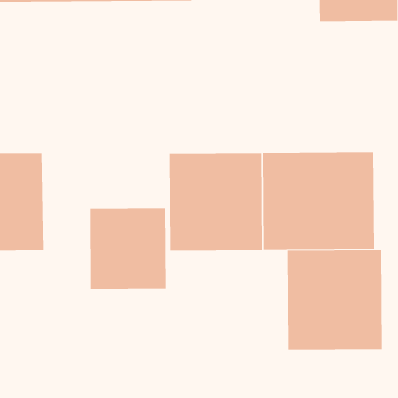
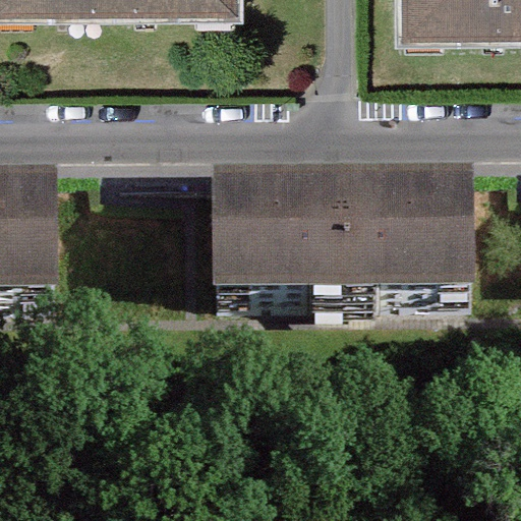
building: [90,208,166,290] -> none
building: [287,249,382,350] -> none

